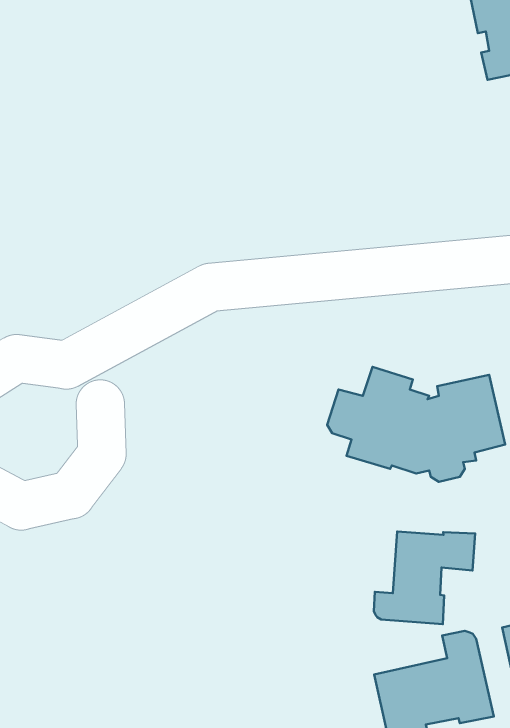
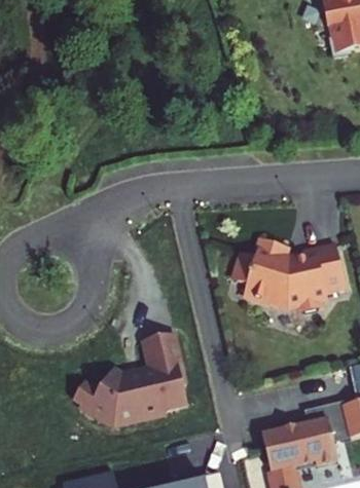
building: none -> [73,333,186,422]
building: [374,532,475,624] -> none

